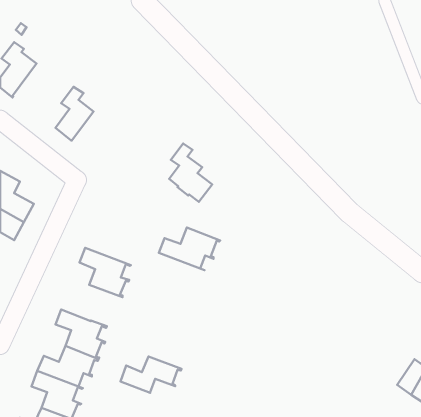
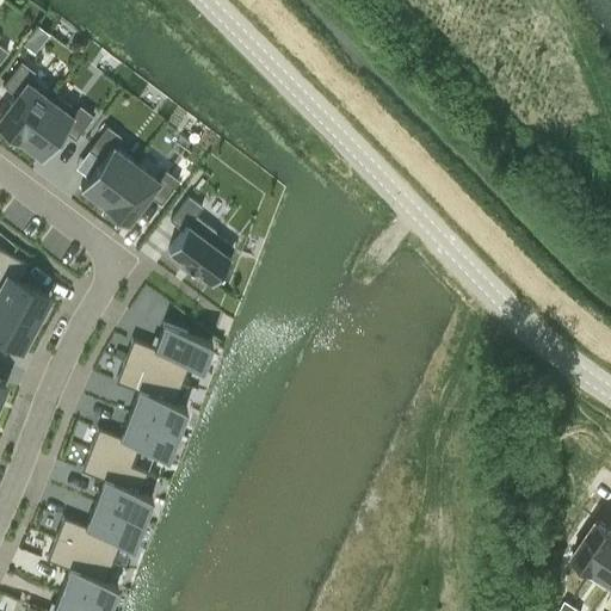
building: none -> [20,99,95,163]
building: none -> [104,168,181,229]
building: [169,143,212,202] -> [171,203,233,288]
building: [159,227,220,270] -> [125,328,214,390]
building: [120,357,182,393] -> [91,419,179,471]

